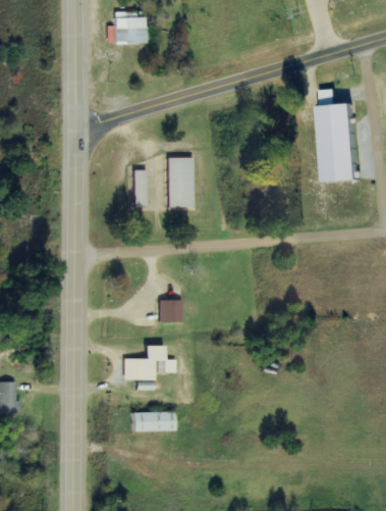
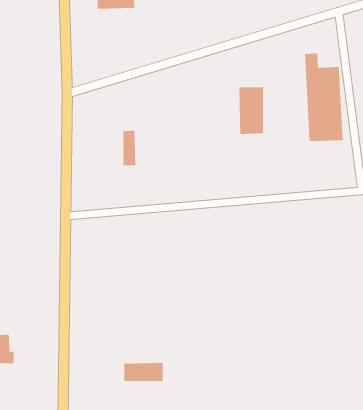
building: [166,157,192,207] -> [238,87,264,135]
building: [158,300,181,322] -> none
building: [123,346,175,380] -> none

